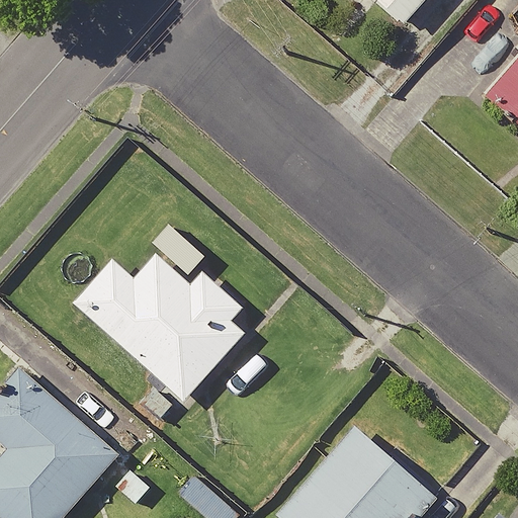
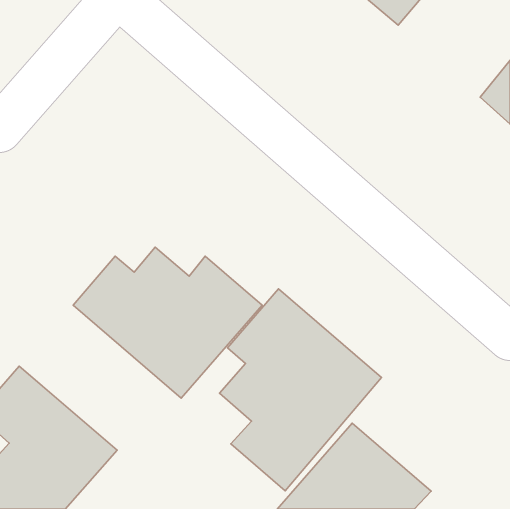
building: none -> [219,289,382,491]

